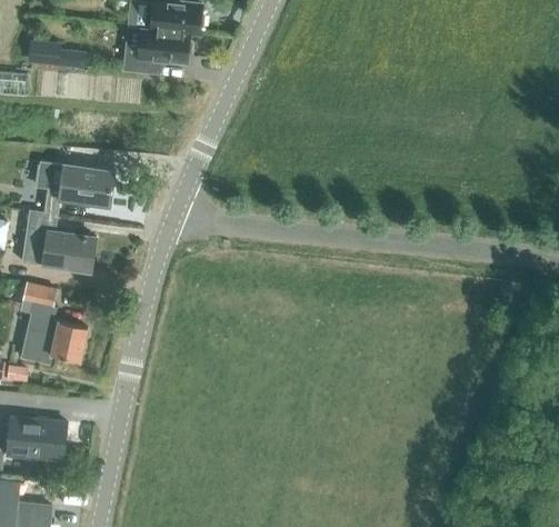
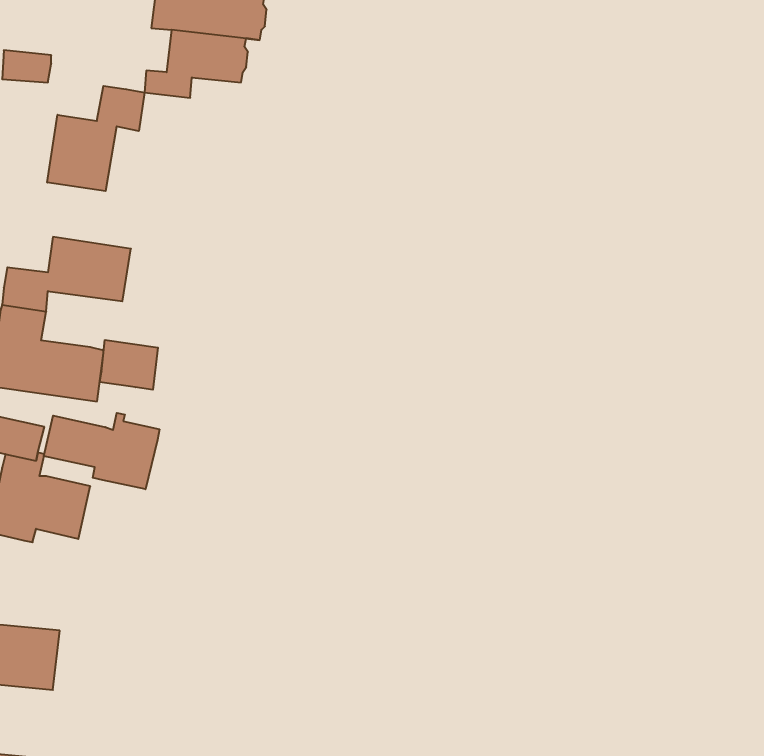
building: none -> [47,86,145,191]
building: none -> [100,340,158,390]
building: none -> [44,413,159,489]

